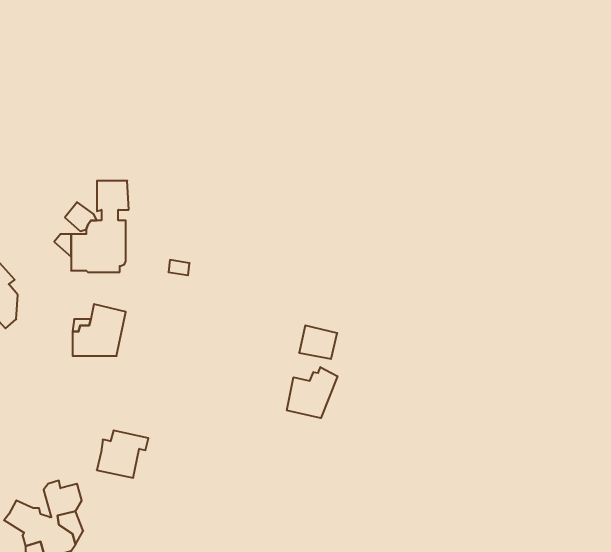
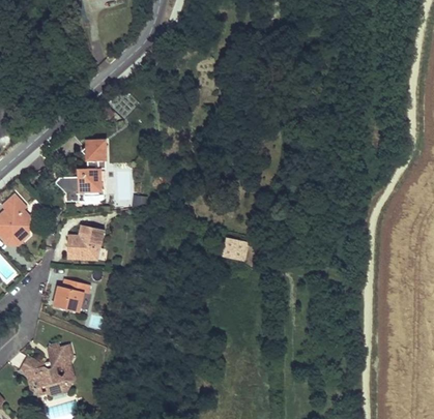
building: [287,367,337,418] -> none
building: [97,431,148,478] -> [54,279,89,311]

